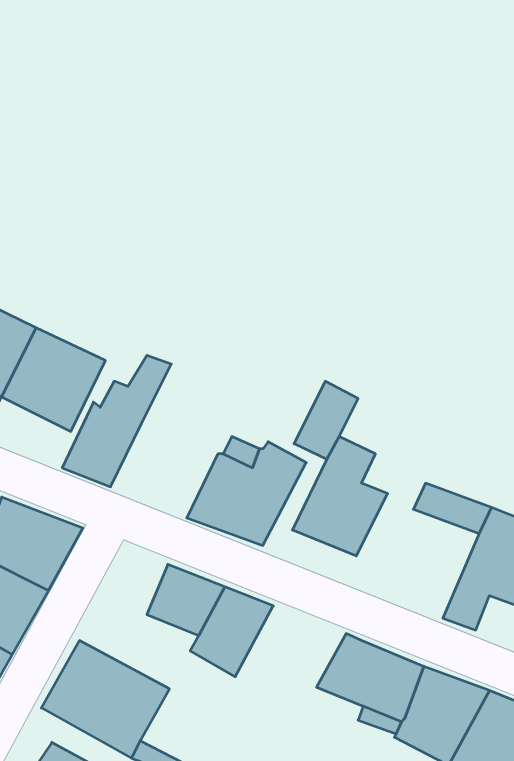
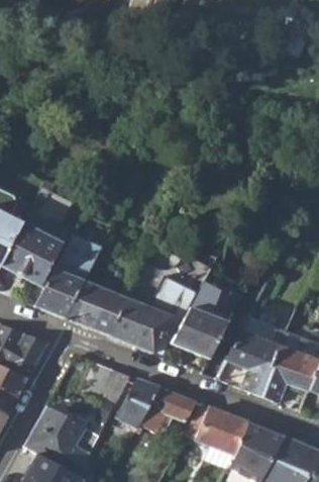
building: none -> [66,281,128,336]
building: none -> [228,331,281,395]
building: none -> [137,388,197,433]

